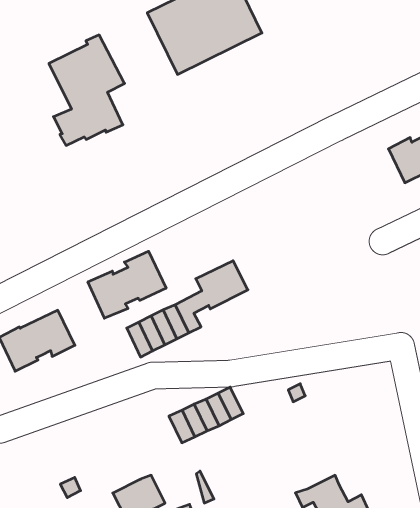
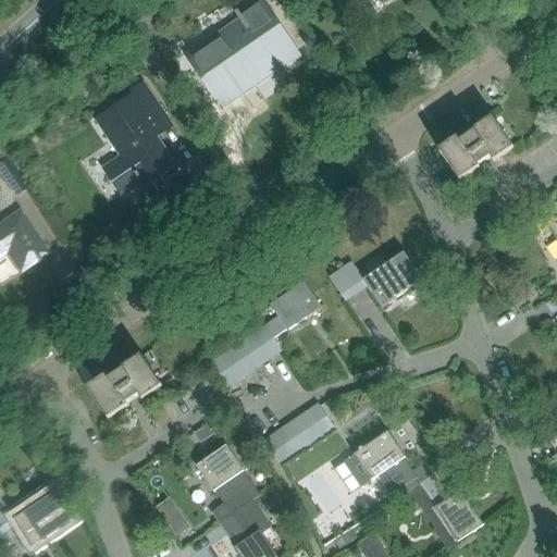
building: none -> [327,250,422,306]
building: [88,251,166,318] -> none
building: none -> [196,444,259,522]
building: none -> [344,430,432,498]

